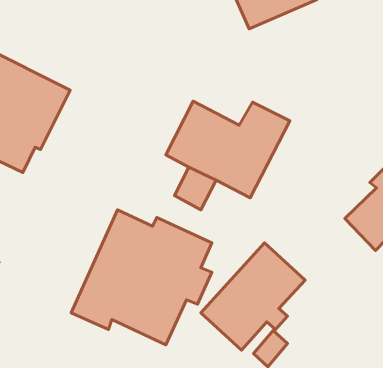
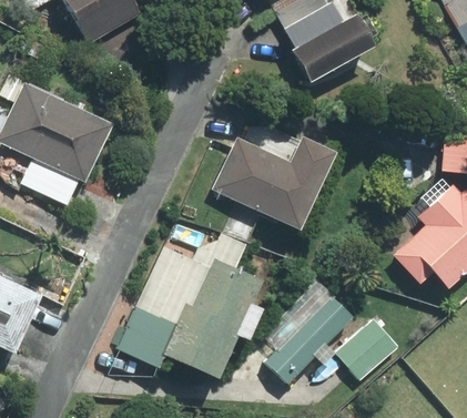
building: none -> [336,316,402,381]

